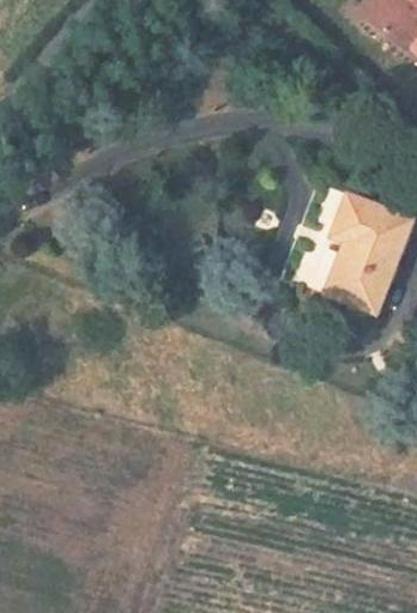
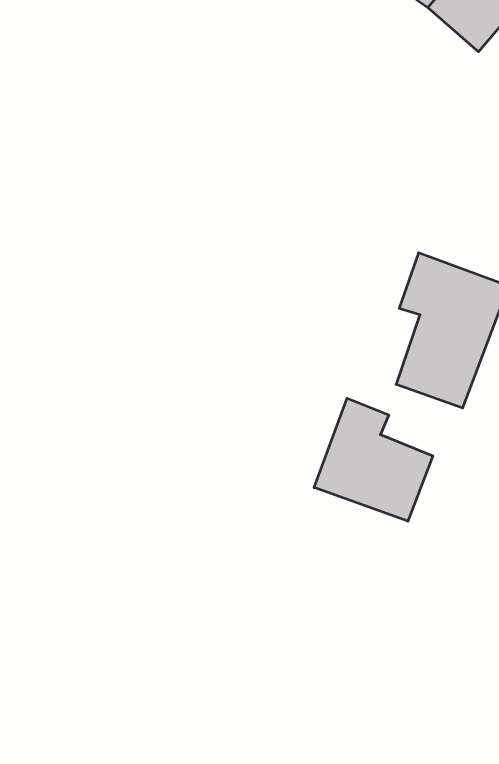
building: none -> [314,398,433,521]

